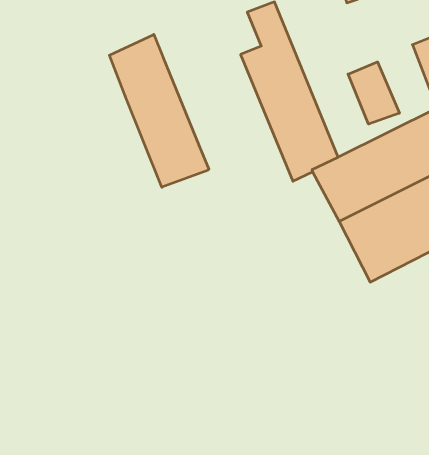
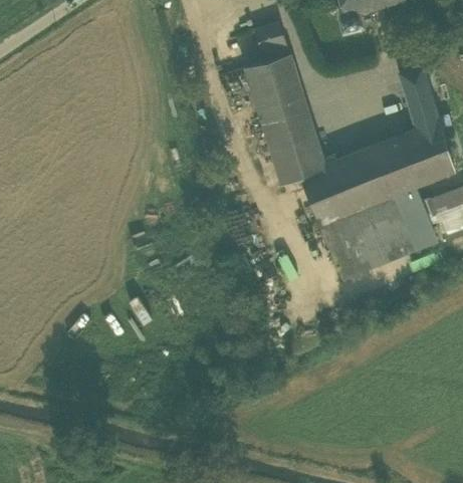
building: [109,34,209,187] -> none
building: [348,62,399,124] -> none

